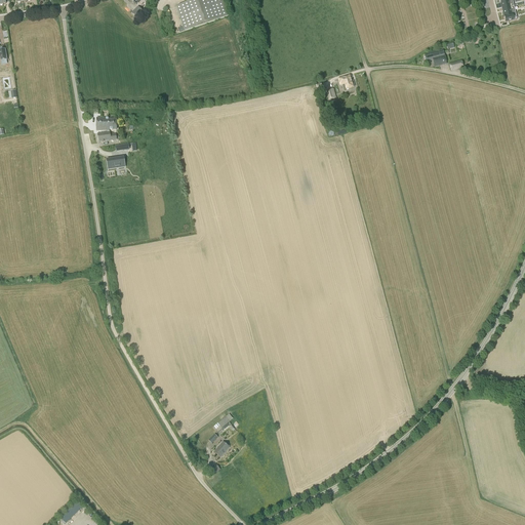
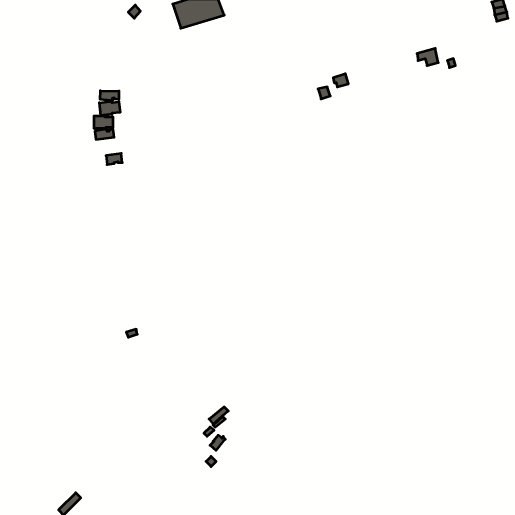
building: none -> [99,91,120,115]

